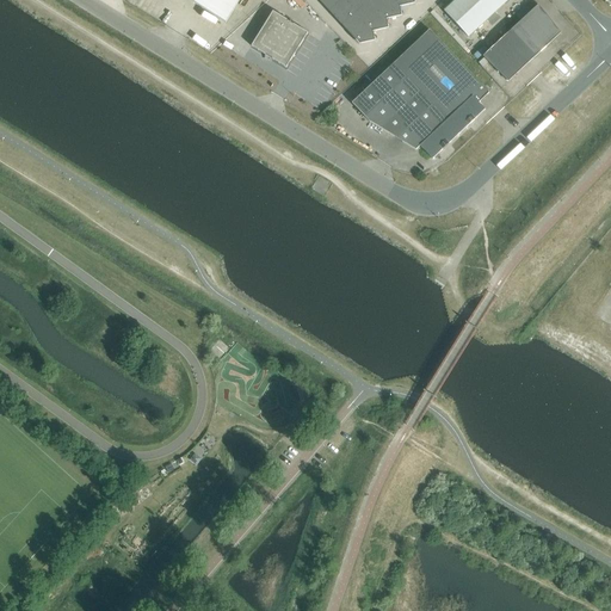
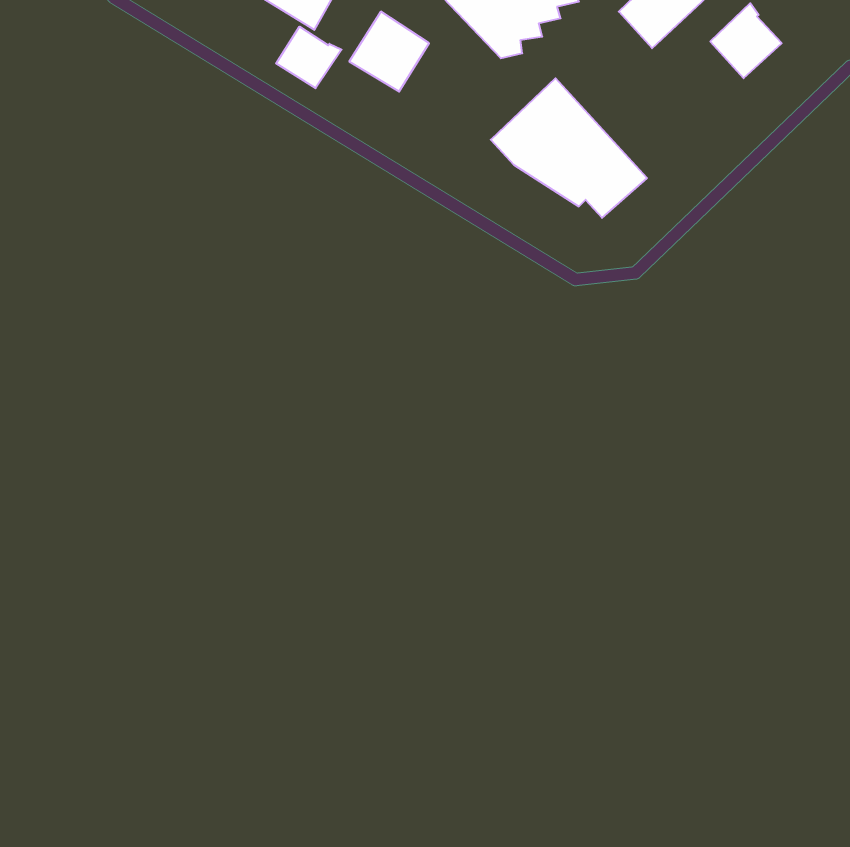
building: none -> [276,27,342,88]
building: [399,27,489,128] -> none
building: [483,30,533,80] -> none

